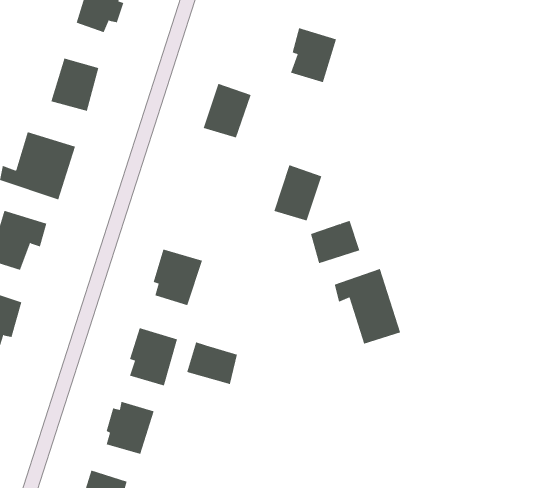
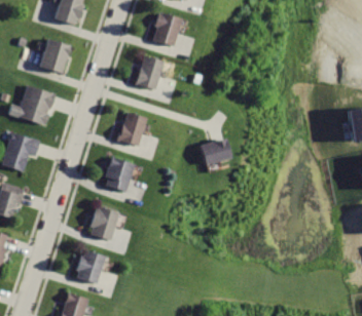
building: [290,28,337,83] -> [152,12,181,46]
building: [274,164,322,221] -> [117,112,147,147]
building: [334,268,401,345] -> none
building: [186,342,238,385] -> none

